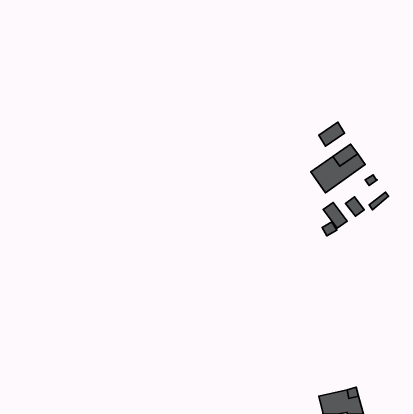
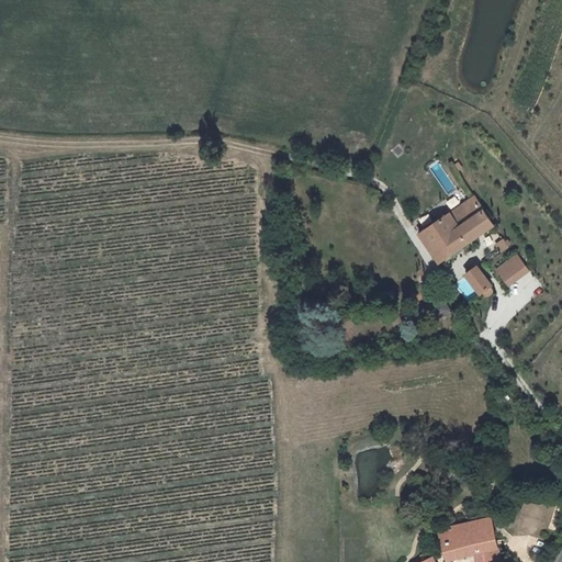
building: [319,122,345,146] -> none
building: [323,203,347,228] -> none

